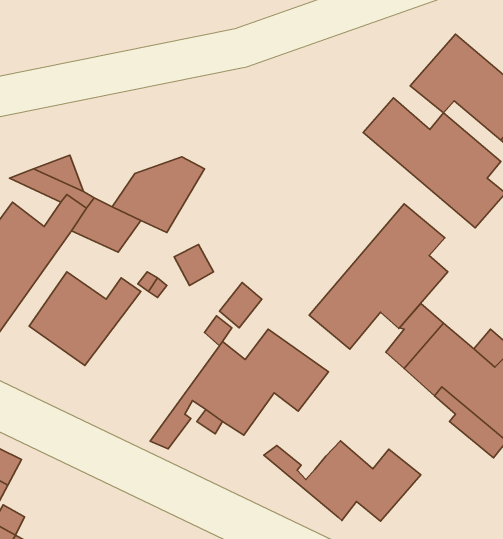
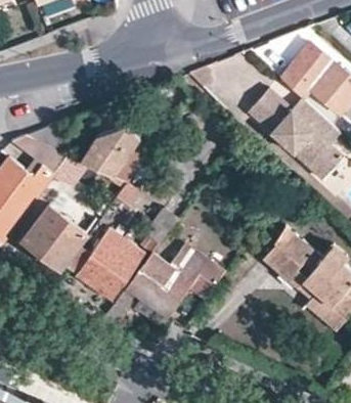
building: [309,204,448,349] -> none
building: none -> [64,227,138,298]
building: [264,441,421,521] -> none

